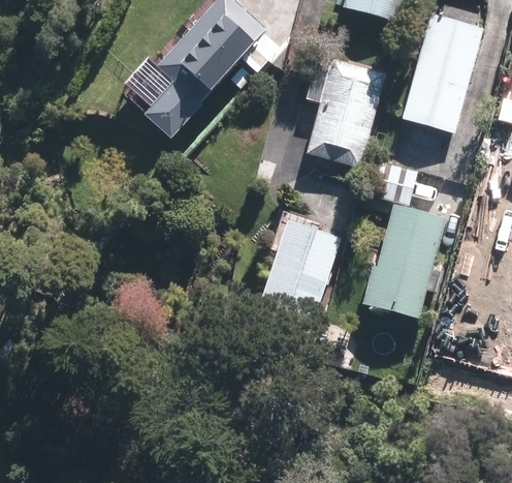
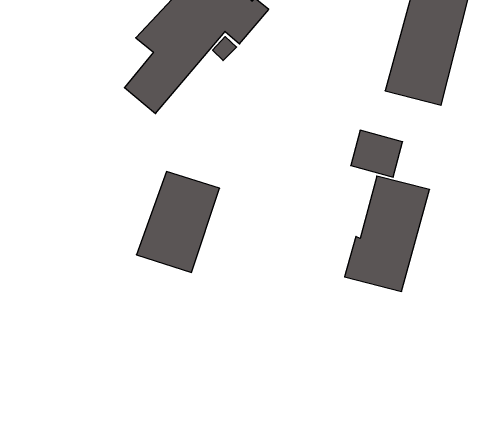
building: [298,57,387,175] -> none
building: [257,219,340,320] -> [136,172,220,272]

